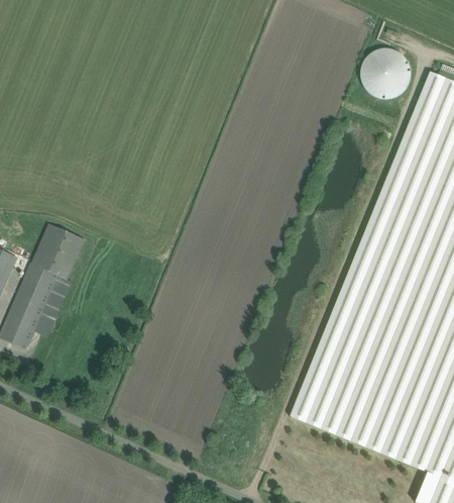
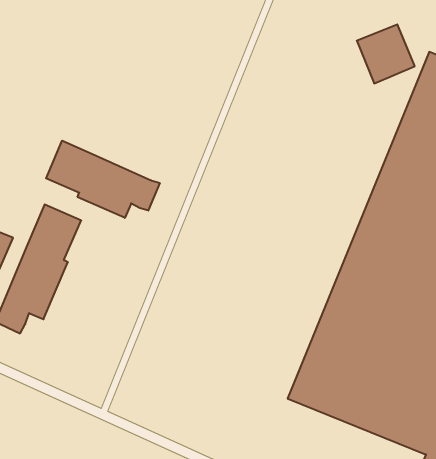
building: none -> [46,141,160,218]

